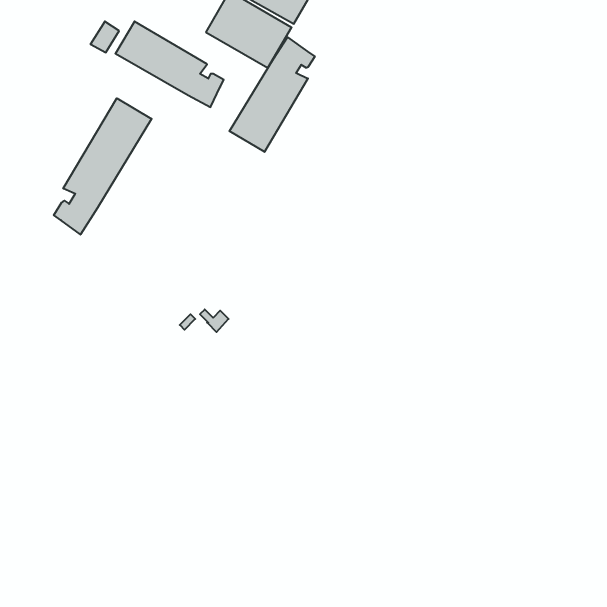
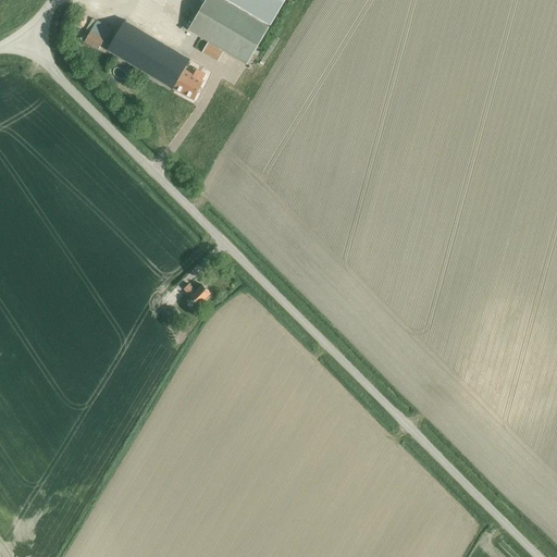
building: [229,37,315,152] -> none
building: [54,98,152,235] -> none

